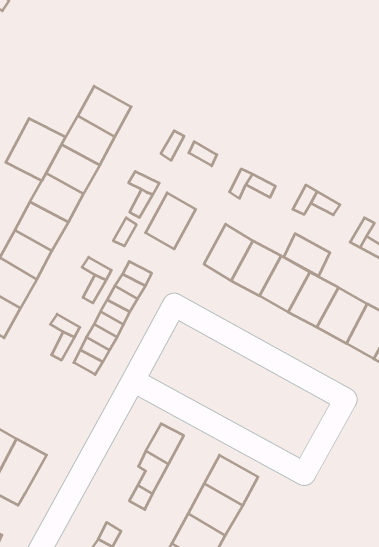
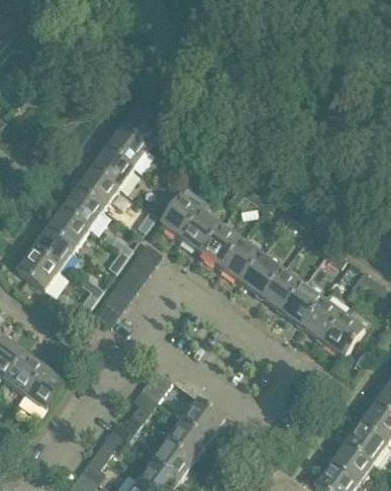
building: [6,118,65,181] -> none
building: none -> [181,209,222,252]
building: [284,234,330,276] -> none

